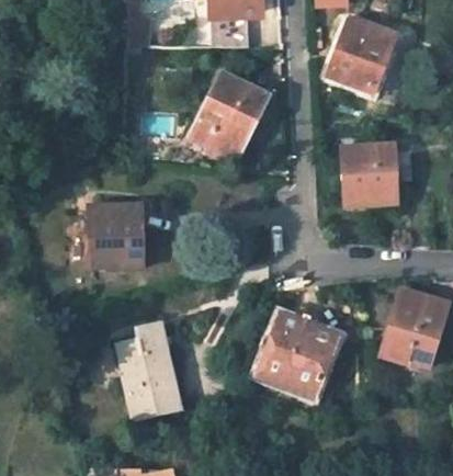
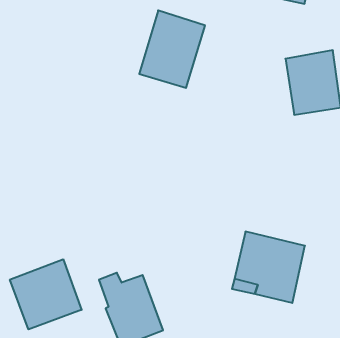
building: [90,204,141,264] -> none
building: none -> [10,259,82,329]

